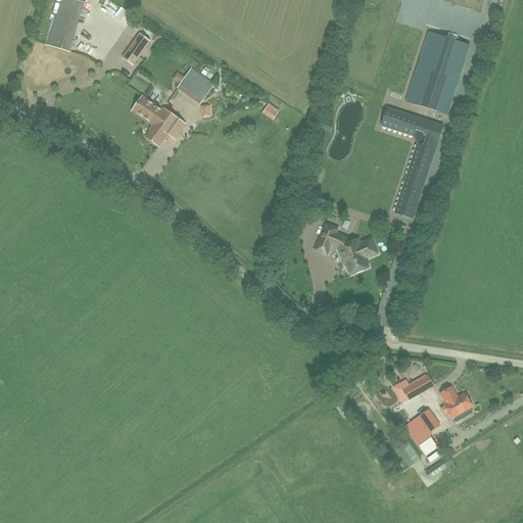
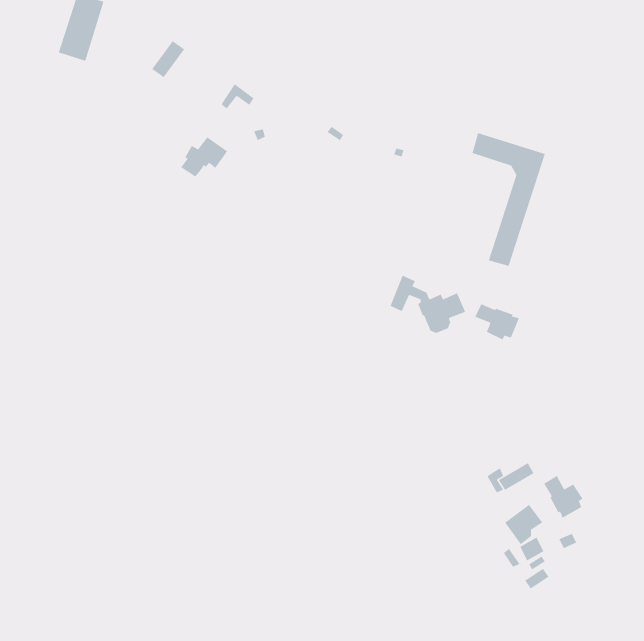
building: [407,32,469,113] -> none
building: [133,95,168,123] -> none
building: none -> [474,303,520,340]

